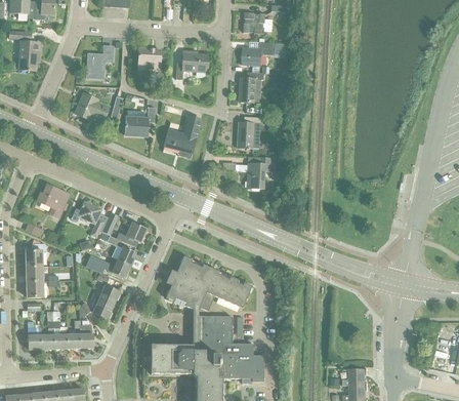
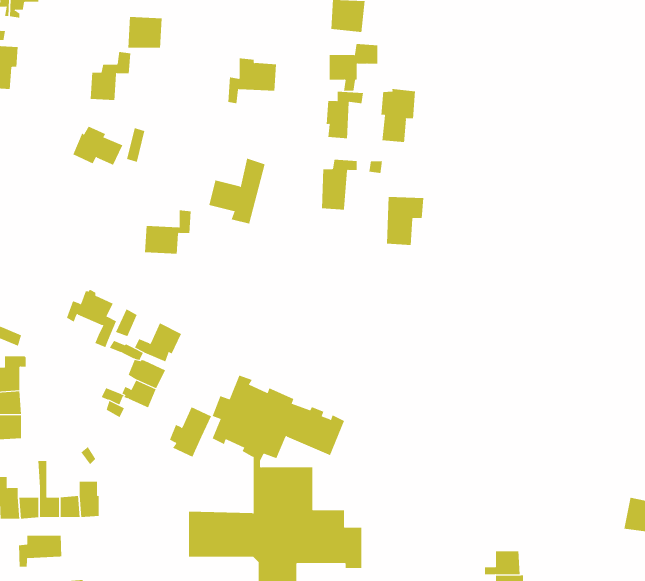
building: [137,49,160,70] -> [128,17,162,48]
building: none -> [381,88,416,143]
building: [124,107,155,135] -> [144,210,192,254]
building: [246,157,270,189] -> [386,196,424,246]
building: [37,185,68,217] -> none
building: [90,285,118,318] -> [169,407,212,457]
building: none -> [18,535,62,568]

